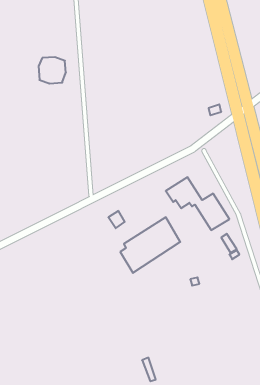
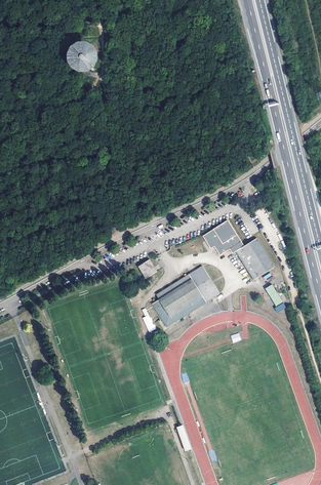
building: [39,57,66,83] -> [67,42,97,72]

